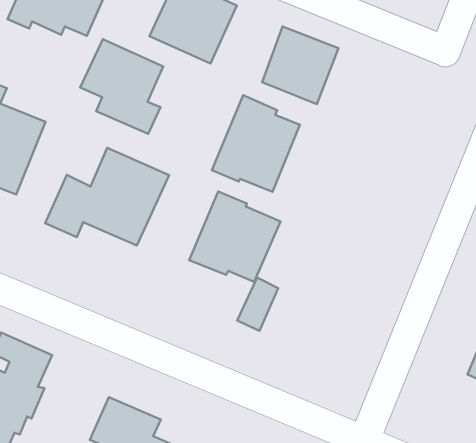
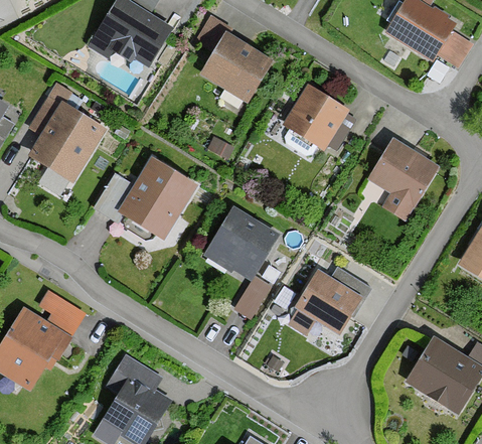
building: [80,39,163,134] -> none
building: none -> [367,140,437,221]
building: [212,95,300,192] -> none
building: none -> [286,266,369,335]

